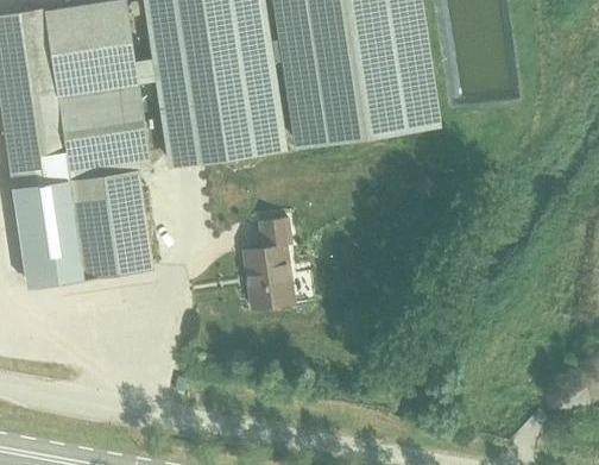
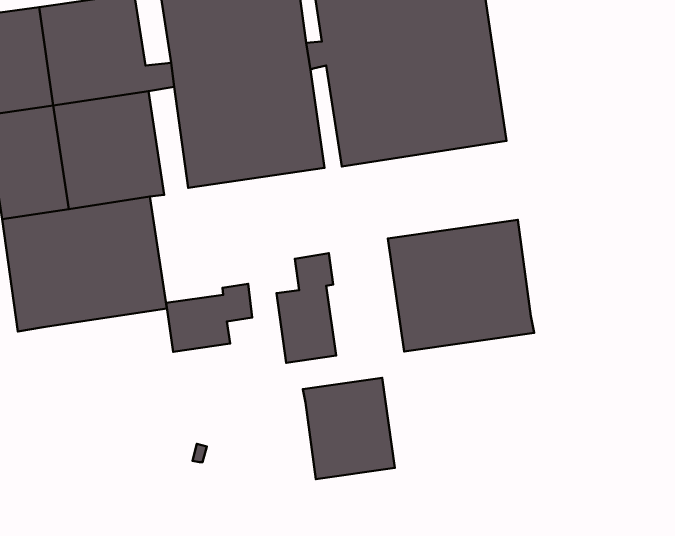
building: none -> [388,220,534,351]
building: none -> [166,284,252,352]
building: none -> [303,378,395,479]

